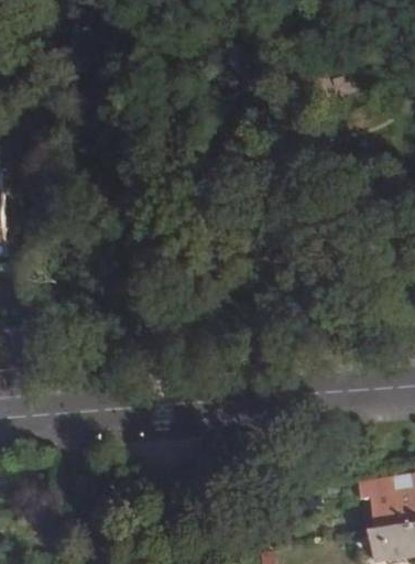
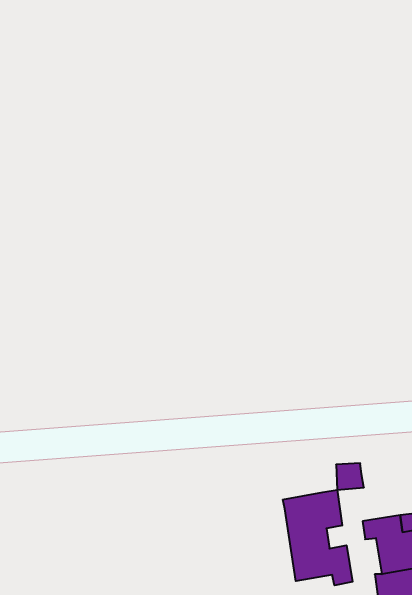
building: none -> [283,490,353,585]

